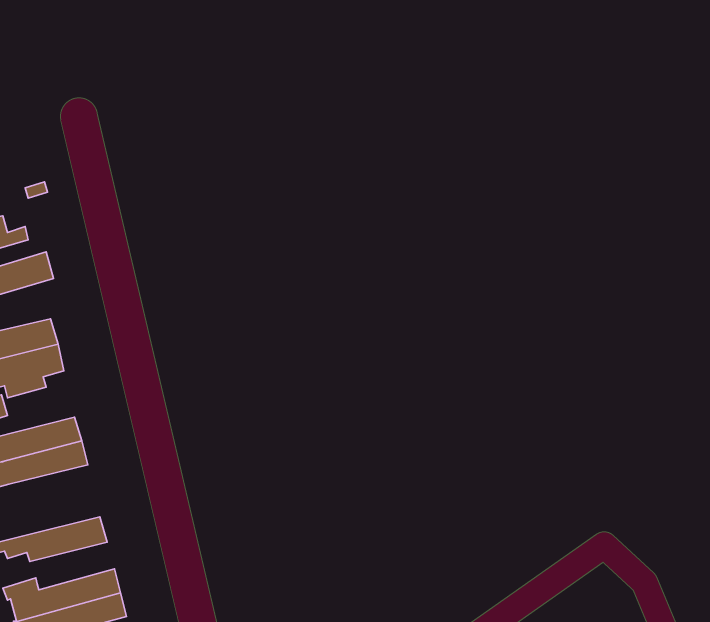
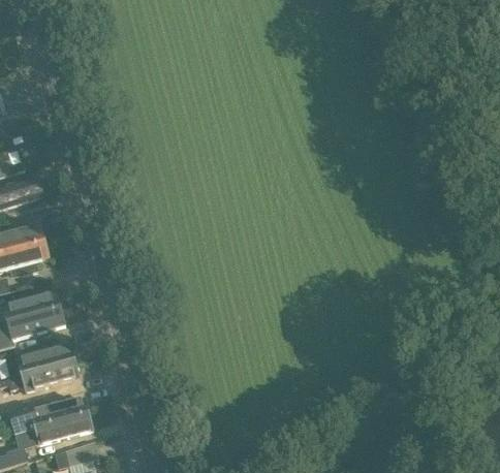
building: none -> [10,343,72,373]

